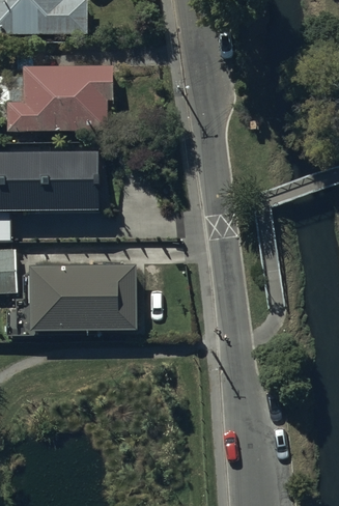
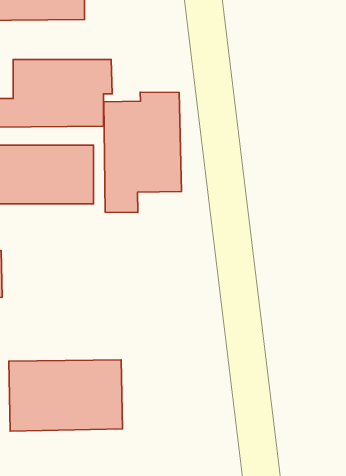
building: none -> [104,92,181,213]
building: [29,263,135,330] -> [9,360,122,431]

